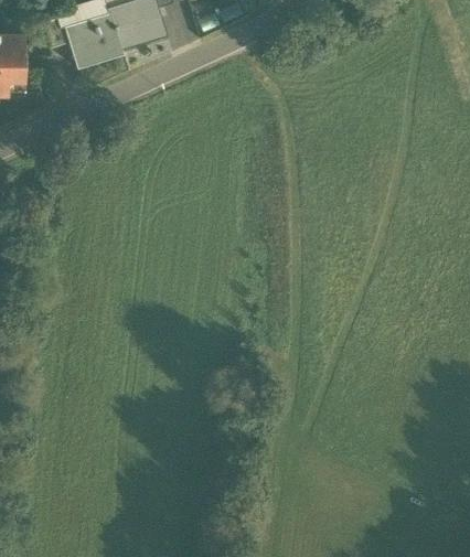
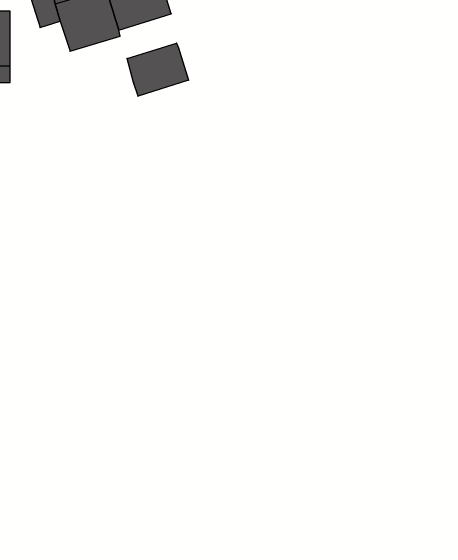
building: none -> [127,43,189,96]

